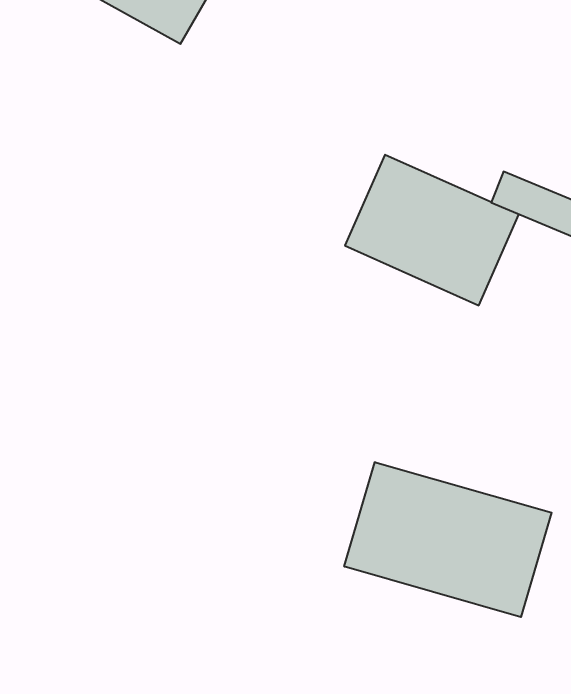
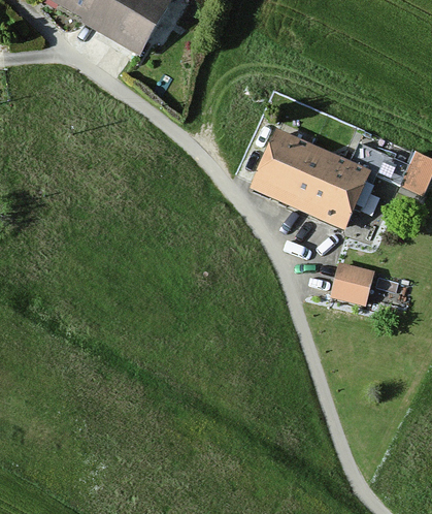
building: none -> [328,261,373,307]
building: [344,462,552,617] -> none

